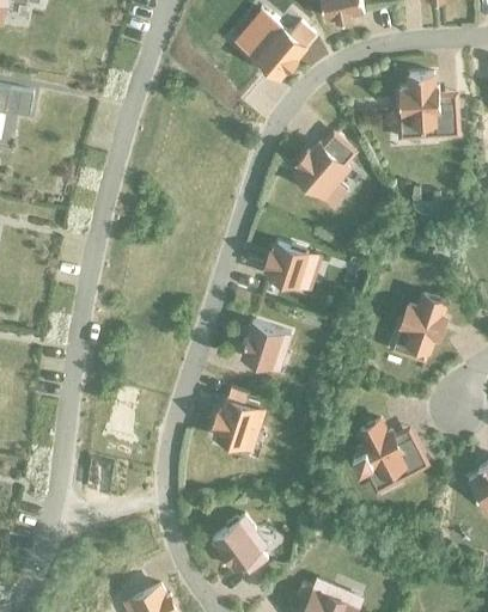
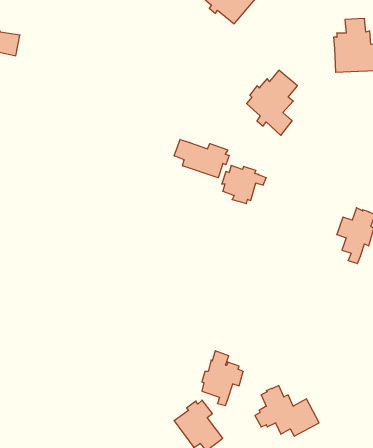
building: none -> [174,139,229,178]
building: [239,323,289,377] -> none
building: [214,390,262,453] -> [202,351,243,405]
building: [352,422,426,481] -> [255,386,319,436]

